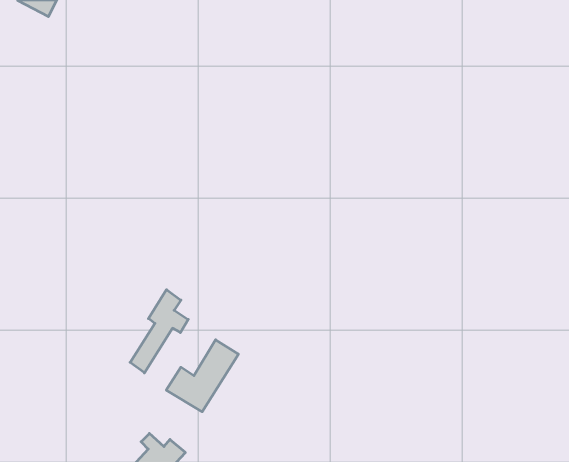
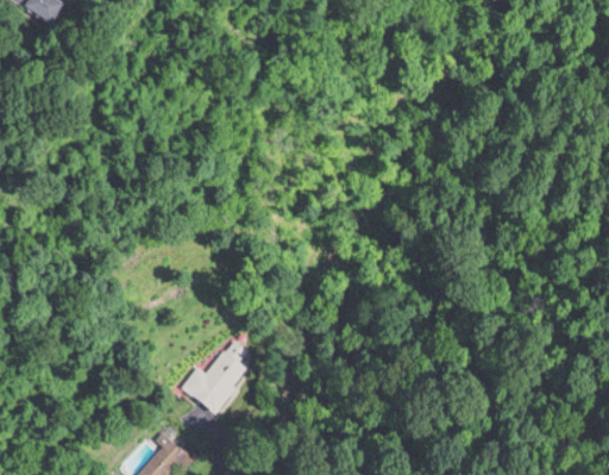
building: [130,290,188,373] -> none

